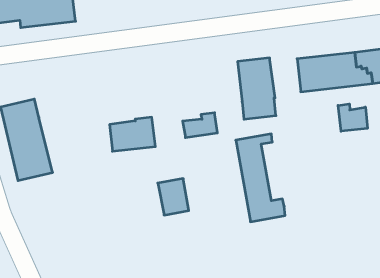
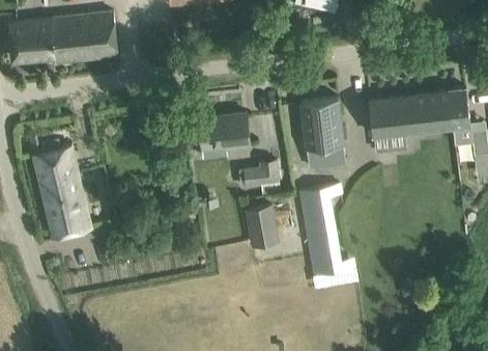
building: [338,104,367,131] -> none
building: [110,117,155,151] -> [199,113,251,152]
building: [158,179,189,215] -> [243,206,279,247]

